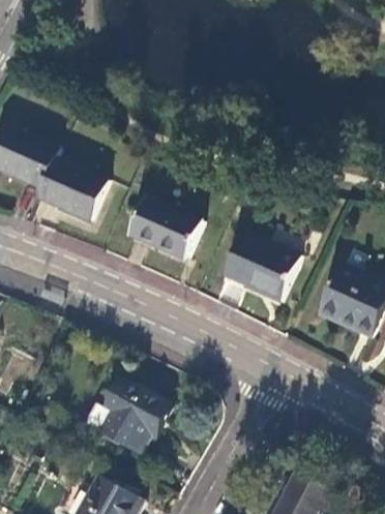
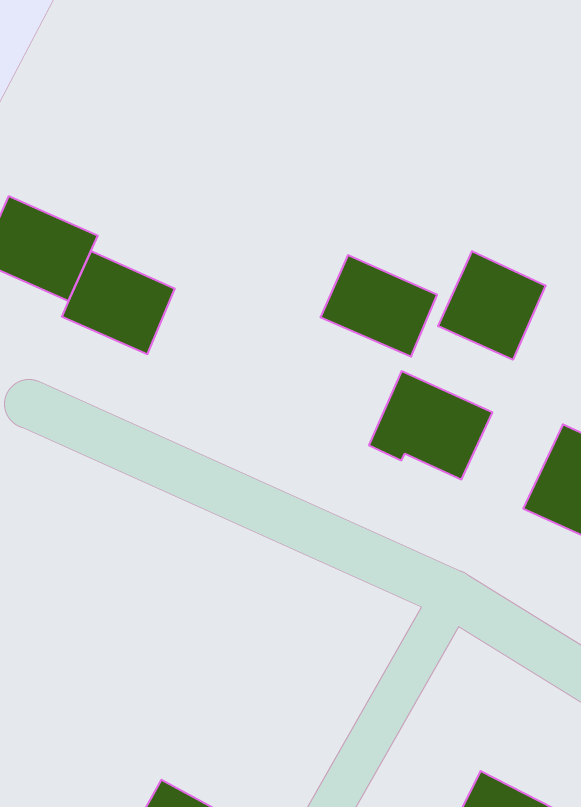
building: none -> [438,251,546,360]
building: [129,198,200,259] -> [320,255,437,357]
building: [95,380,169,452] -> none

